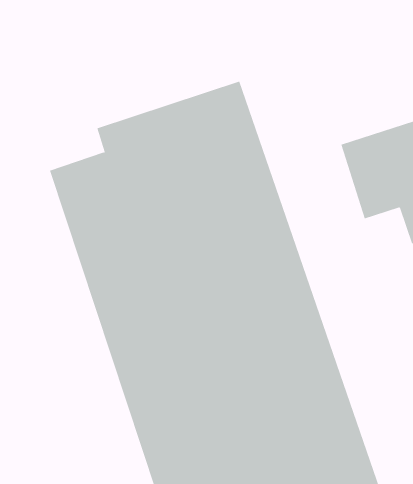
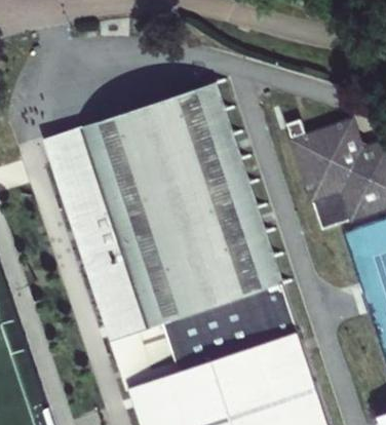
building: none -> [44,125,97,160]

